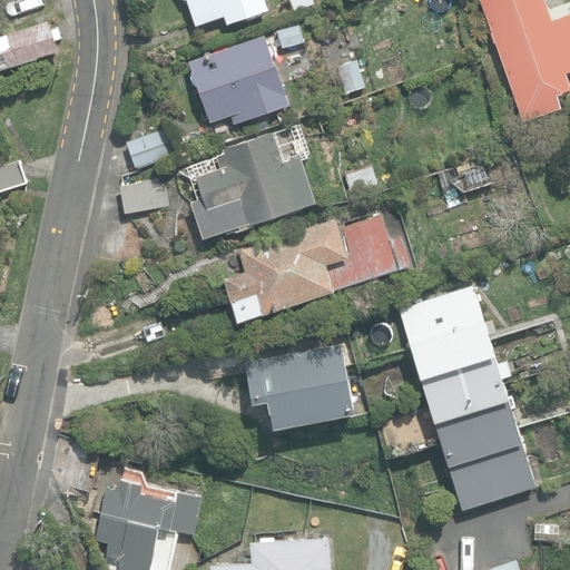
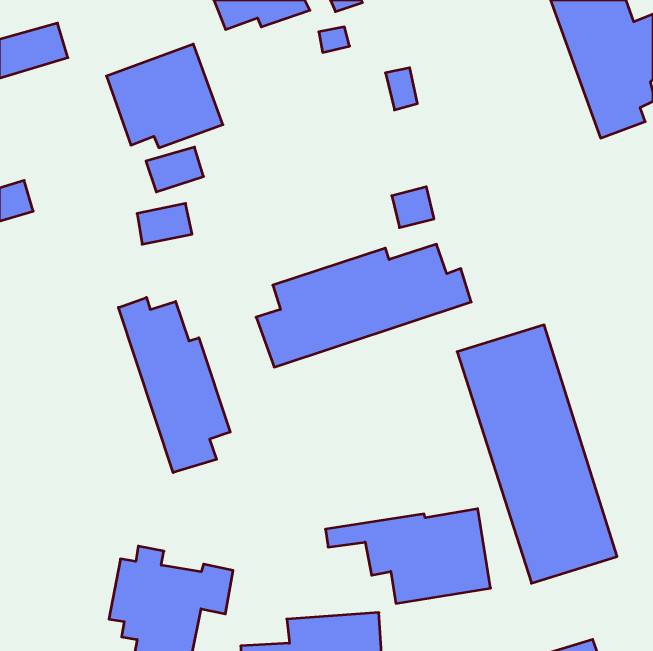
building: [188,36,289,126] -> [106,44,223,148]
building: [187,125,315,239] -> none
building: none -> [118,297,230,473]
building: [210,345,354,428] -> [325,509,491,603]

